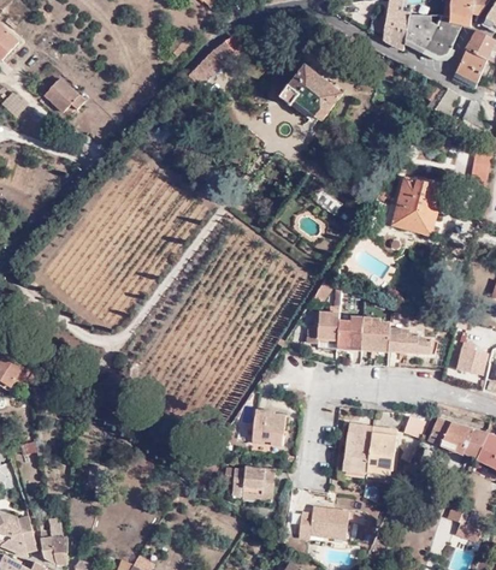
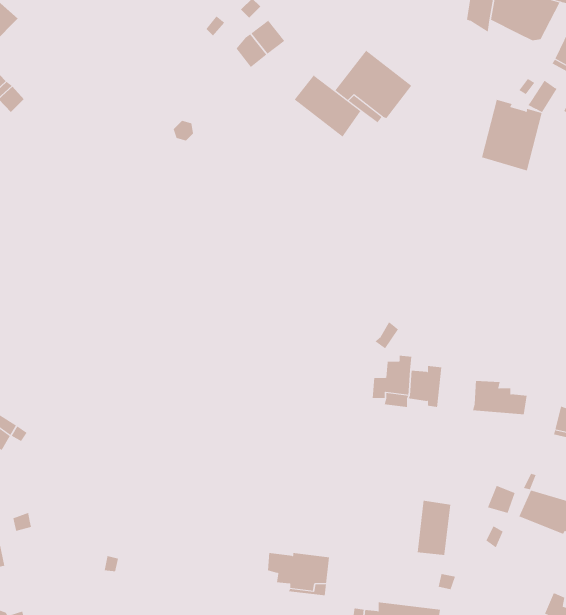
building: [48,77,87,111] -> none
building: none -> [294,74,361,137]
building: [392,176,442,233] -> [481,99,543,171]
building: [361,319,391,352] -> none
building: [253,410,285,447] -> none
building: [367,429,398,473] -> none

